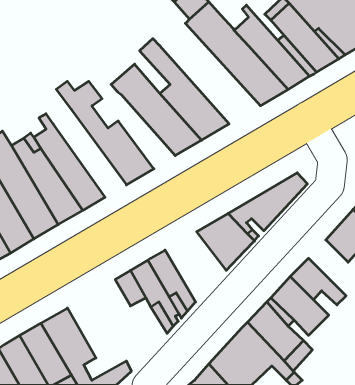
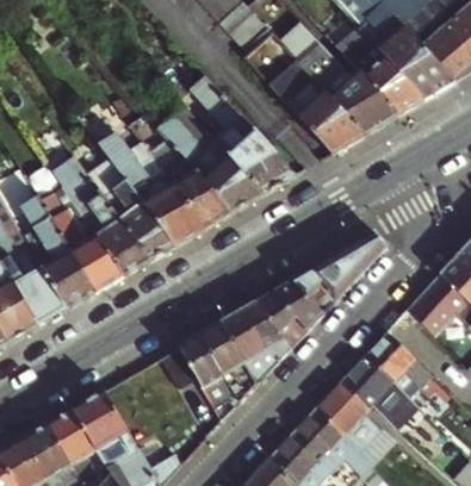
building: none -> [148,136,231,226]
building: none -> [88,157,174,260]
building: none -> [219,300,291,382]

